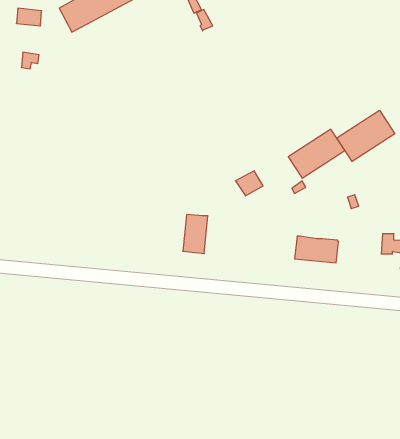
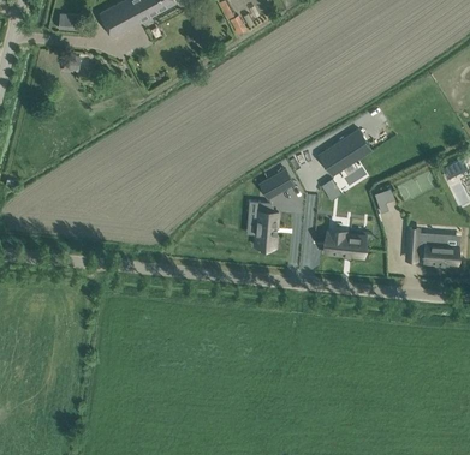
building: [337,110,395,162] -> none
building: [183,215,208,254] -> [254,210,278,247]

